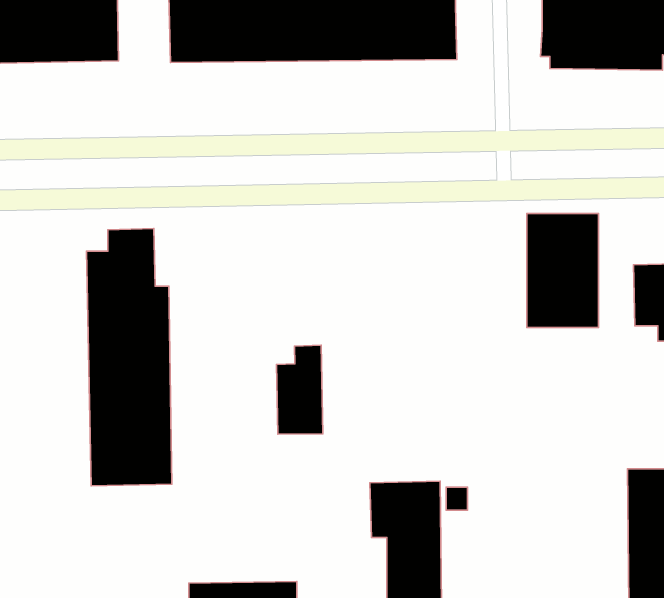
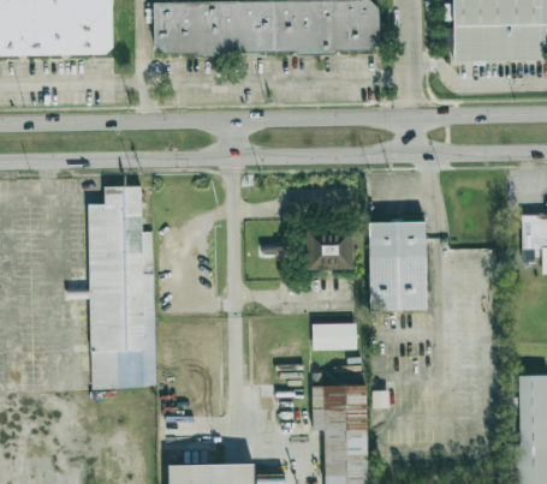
building: [527,213,598,328] -> [369,221,426,311]
building: none -> [305,229,352,269]
building: [277,345,323,434] -> none
building: none -> [315,324,353,347]

